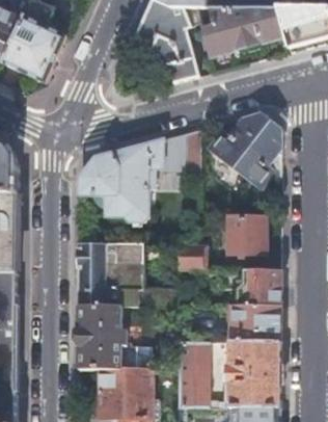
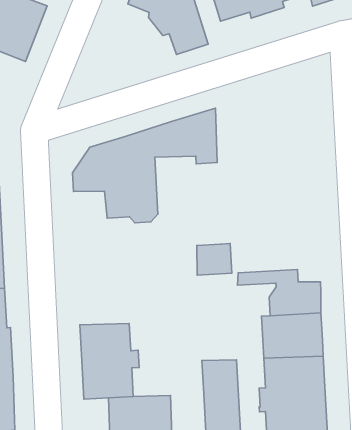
building: [208,113,281,188] -> none
building: [227,217,265,254] -> none
building: [77,242,142,306] -> none

